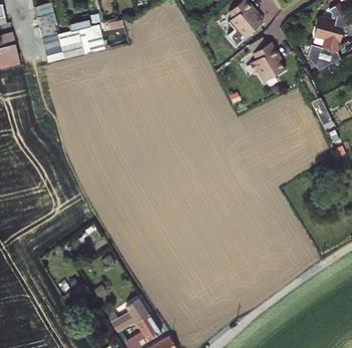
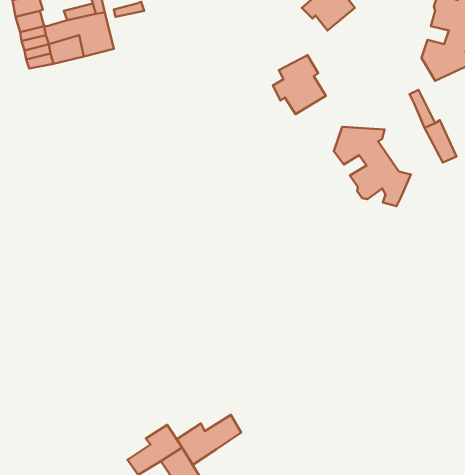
building: [250,43,285,82] -> [273,55,326,114]
building: none -> [334,127,411,206]
building: none -> [177,415,241,465]

